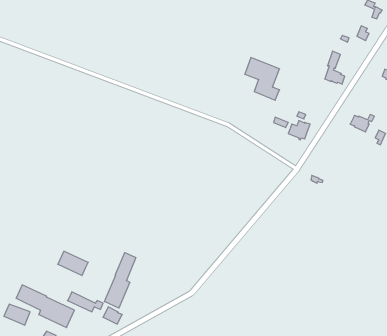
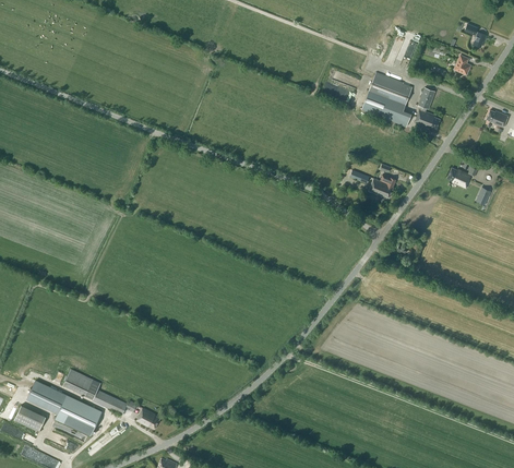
building: [245,58,280,100] -> [368,73,411,127]
building: [58,251,88,276] -> [62,369,100,399]
building: [104,253,136,308] -> none

